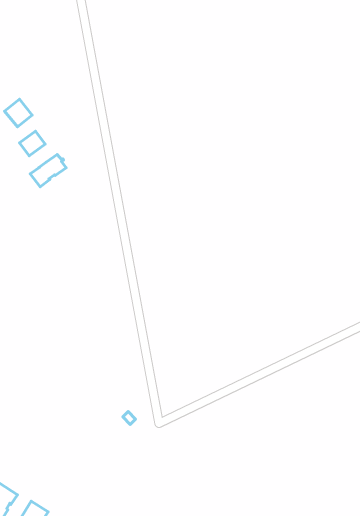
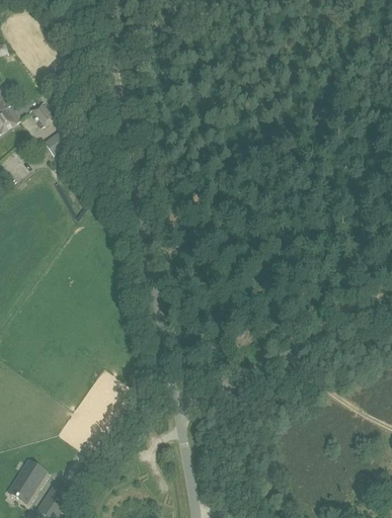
building: [30,155,66,187] -> none

